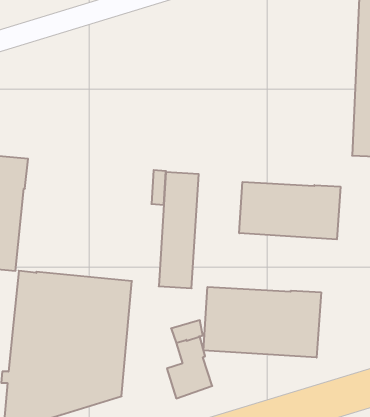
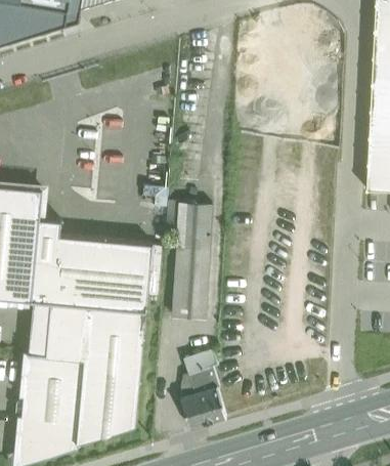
building: [239,182,340,239] -> none
building: none -> [31,221,153,313]
building: [204,287,321,358] -> none

